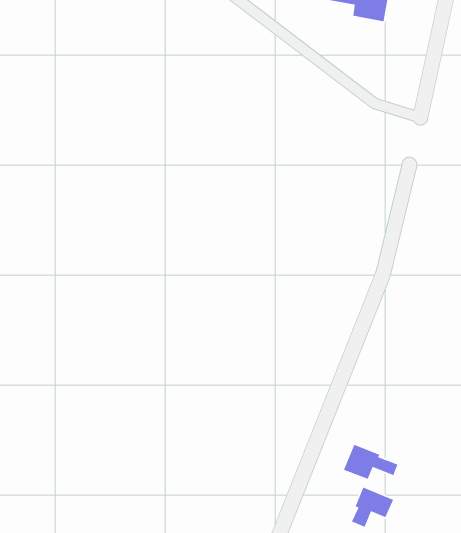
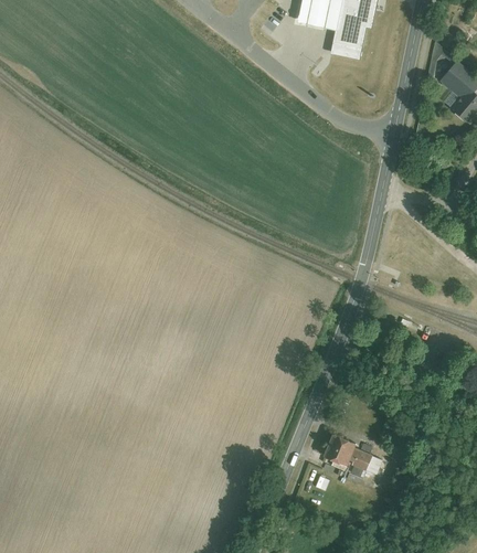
building: [351,487,394,528] -> none

